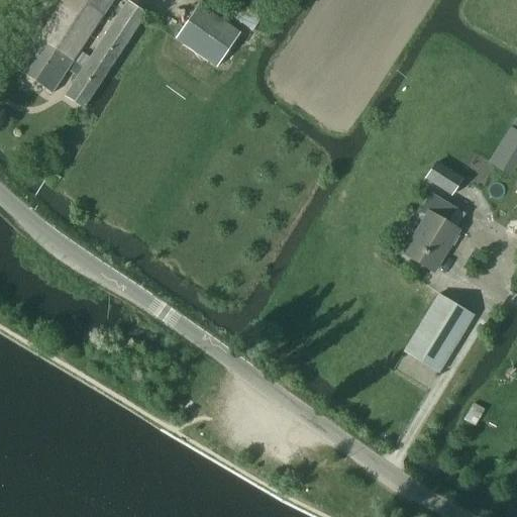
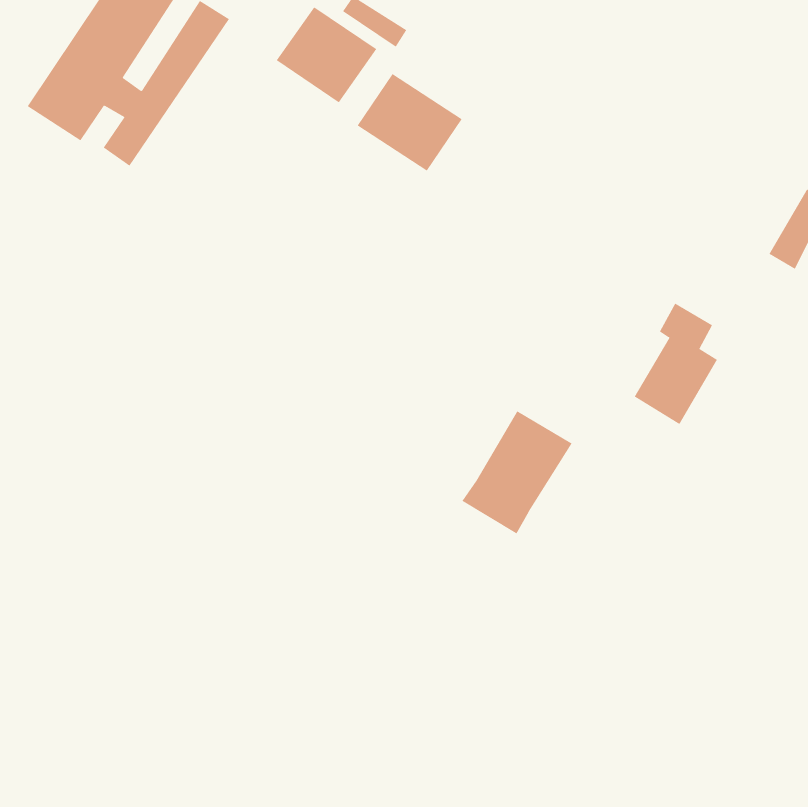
building: none -> [357,73,462,172]
building: [427,163,460,193] -> none
building: [404,293,475,372] -> [461,410,572,534]

